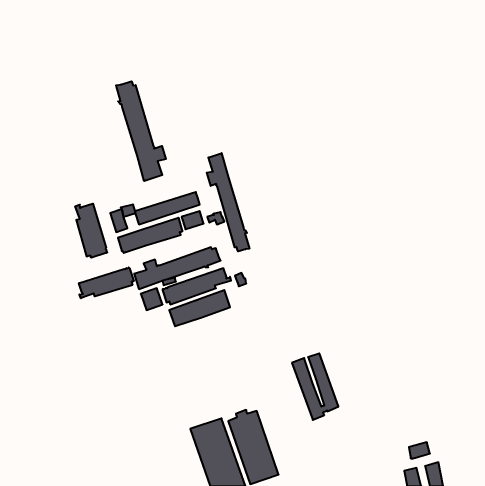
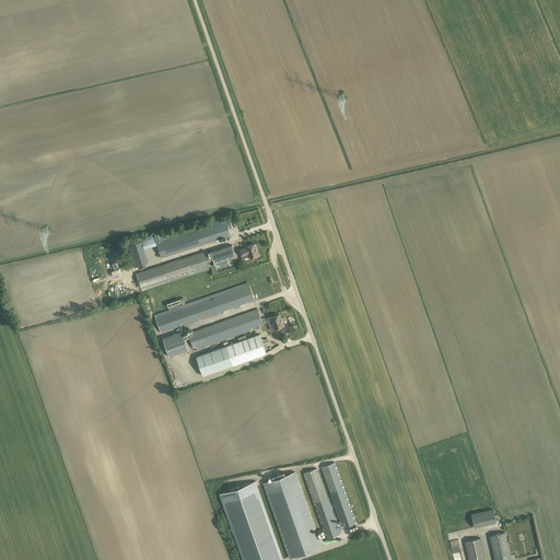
building: [116,81,166,181] -> none
building: [207,153,249,251] -> none
building: [75,204,107,258] -> none
building: [79,267,134,298] -> none
building: [292,353,338,420] -> [302,463,355,539]

